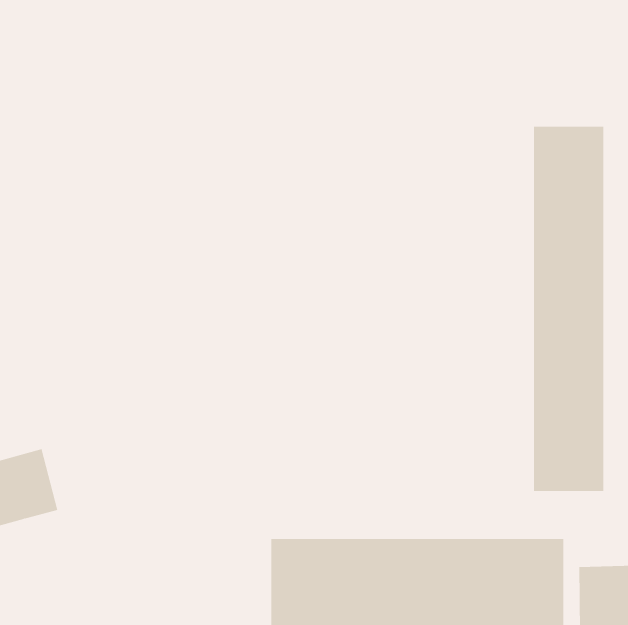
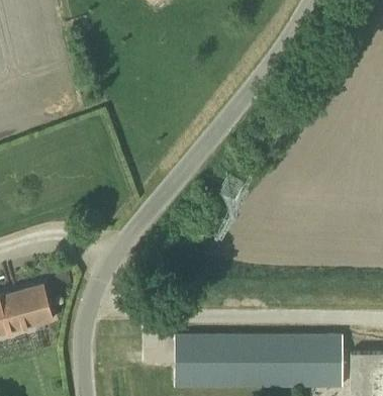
building: [534,126,604,492] -> none

